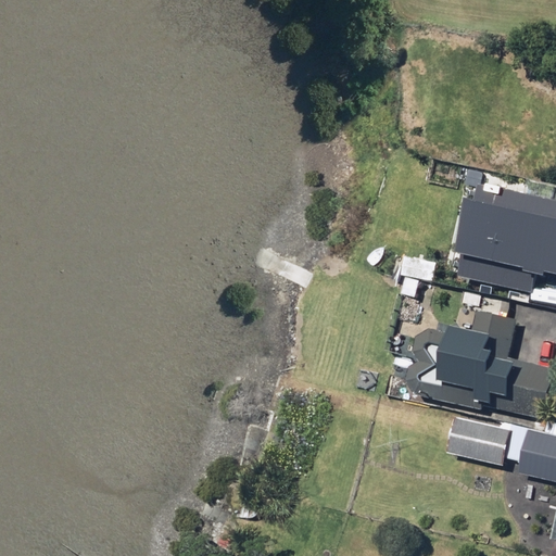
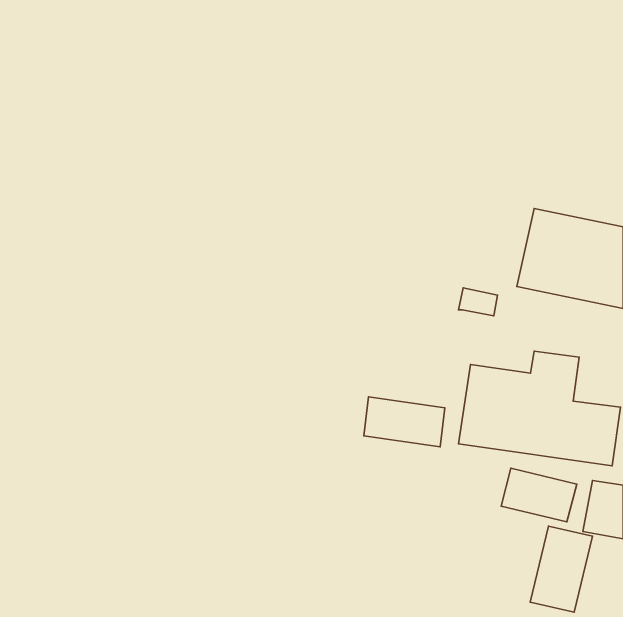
building: none -> [364,397,445,447]
building: none -> [530,526,592,612]

